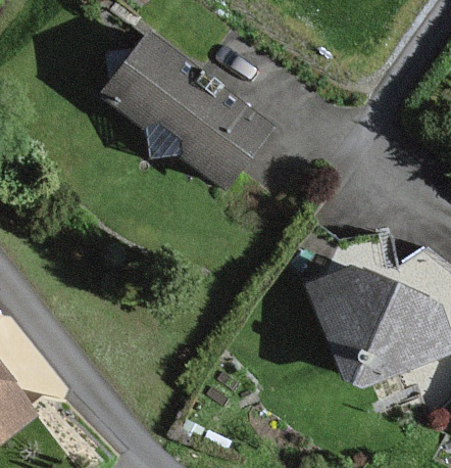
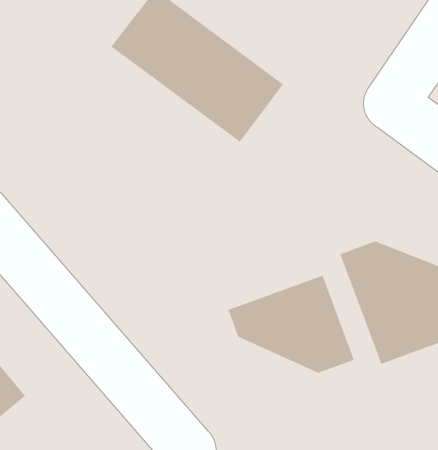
building: none -> [228,275,354,374]

